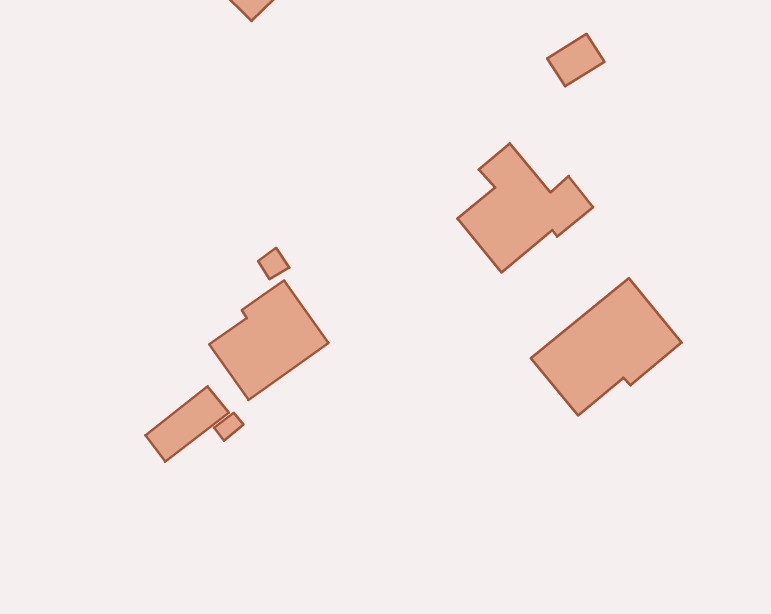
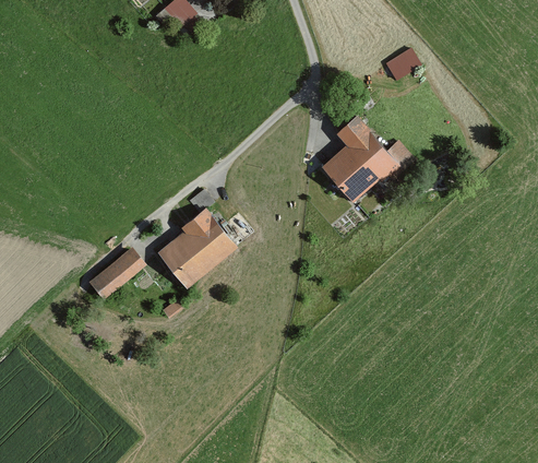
building: [531,278,682,415] -> none
building: [145,386,229,462] -> [88,248,144,298]

